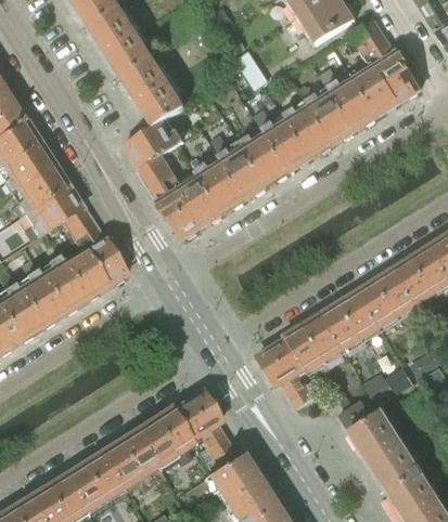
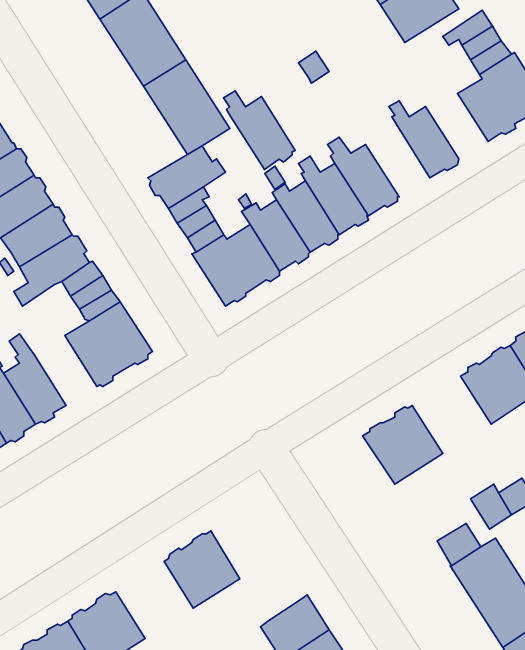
building: [325,73,377,131] -> none
building: [281,101,334,159] -> [224,91,295,169]
building: [40,258,87,314] -> none
building: [321,292,380,350] -> none
building: [258,337,321,408] -> none
building: [171,391,239,474] -> none
building: [101,430,158,487] -> none

